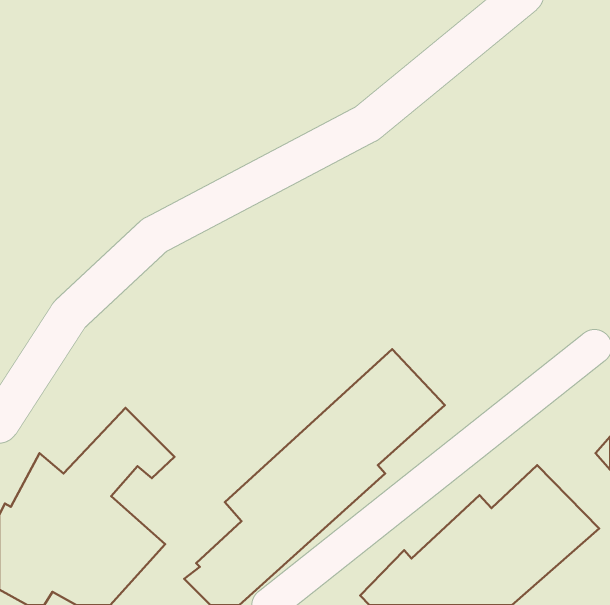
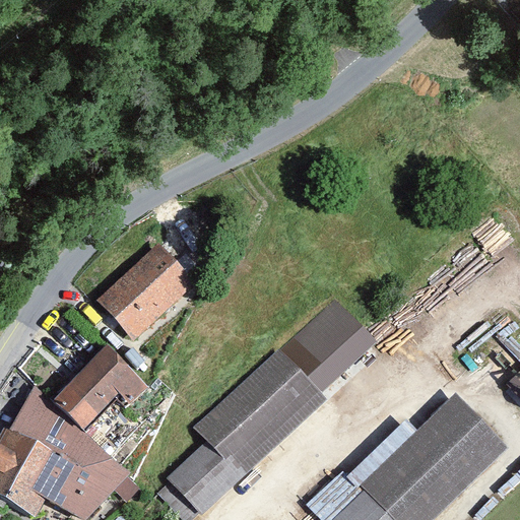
building: none -> [94,244,195,340]

